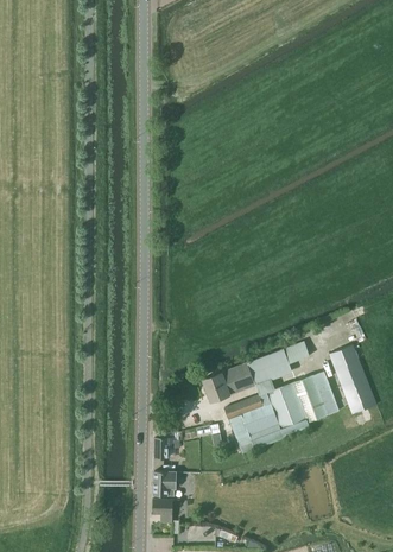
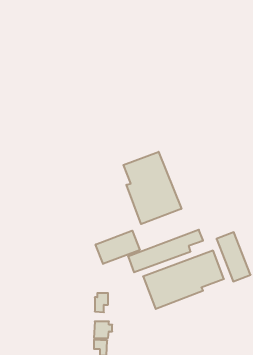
building: none -> [123,152,181,224]
building: none -> [96,231,140,264]

